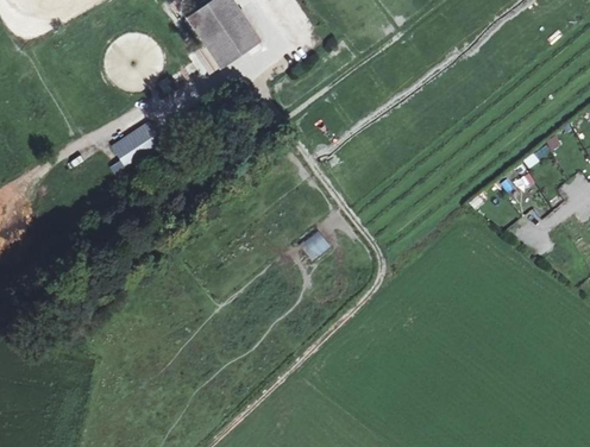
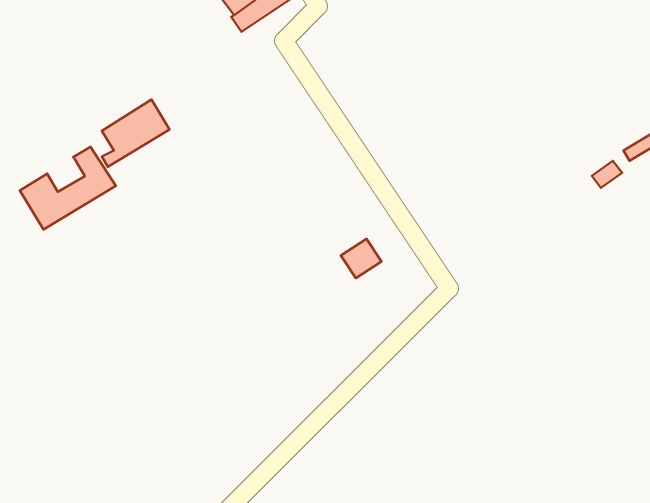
building: none -> [20,147,116,229]

